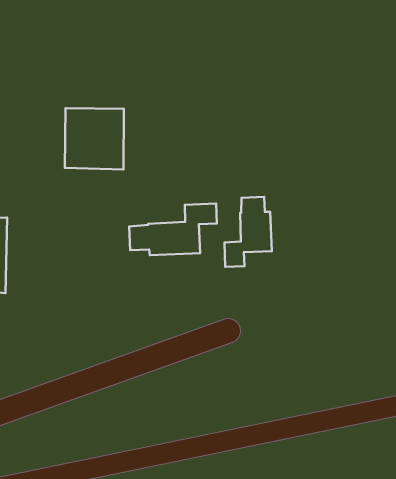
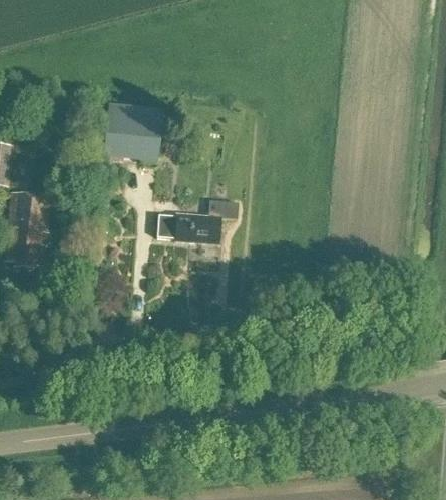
building: [225,197,272,267] -> none

